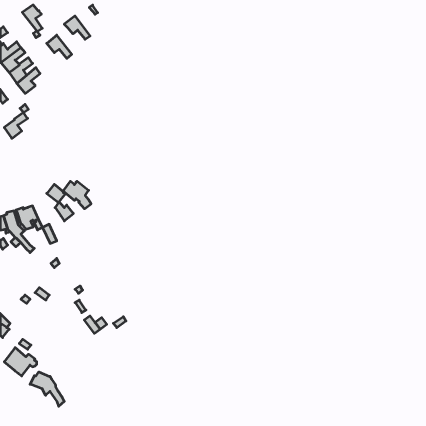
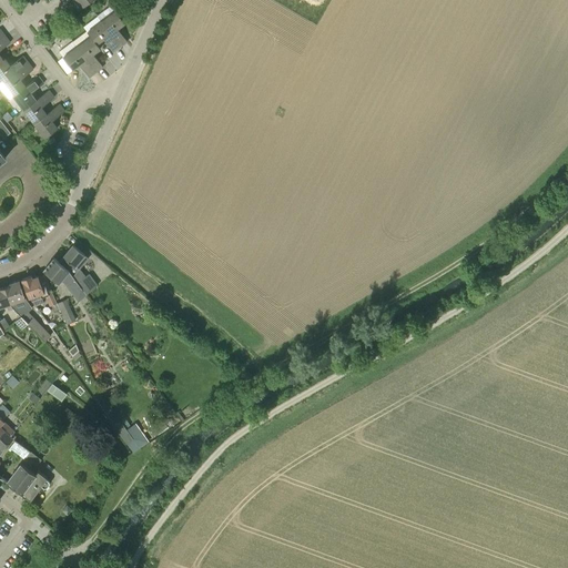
building: [22,5,42,32] -> [75,37,102,72]
building: none -> [100,10,128,48]
building: [4,113,28,138] -> [33,104,64,139]
building: [63,181,91,209] -> [43,257,81,294]
building: [30,372,64,406] -> none

